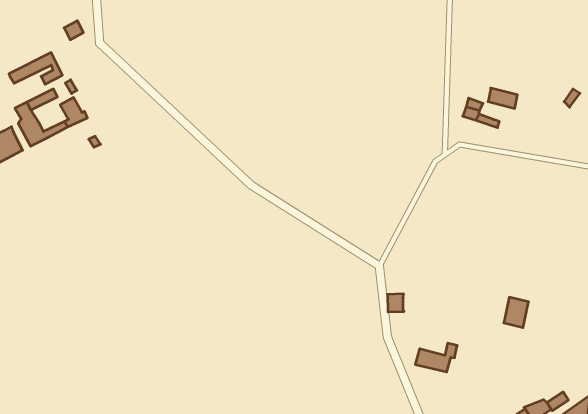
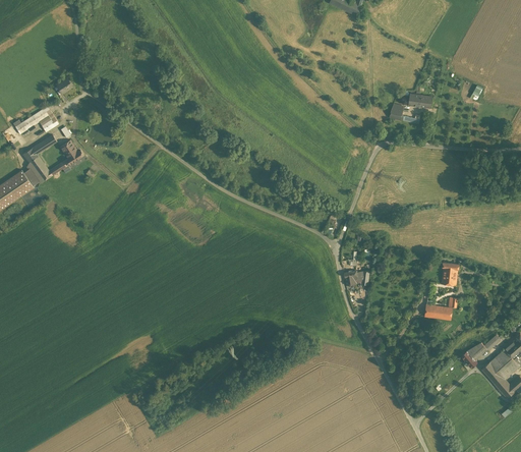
building: [415,343,457,372] -> [425,296,458,320]

